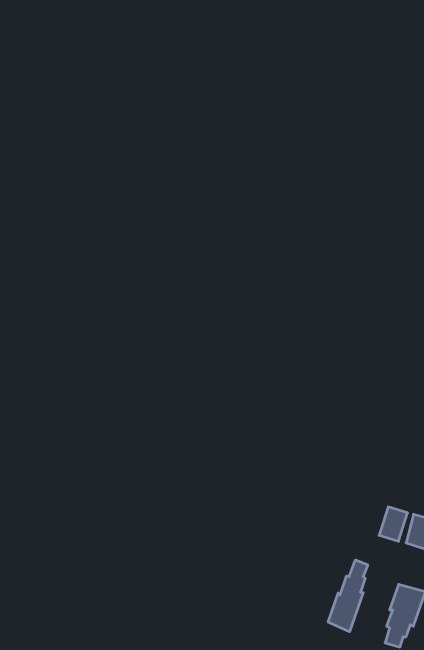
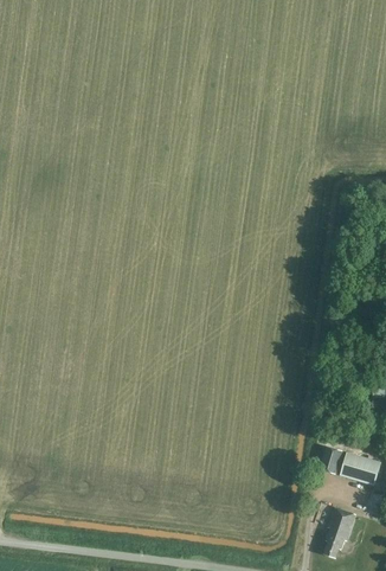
building: [328,560,368,632] -> none

